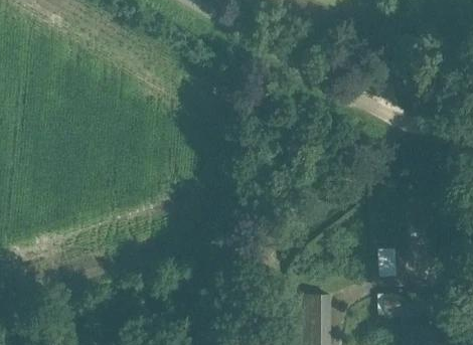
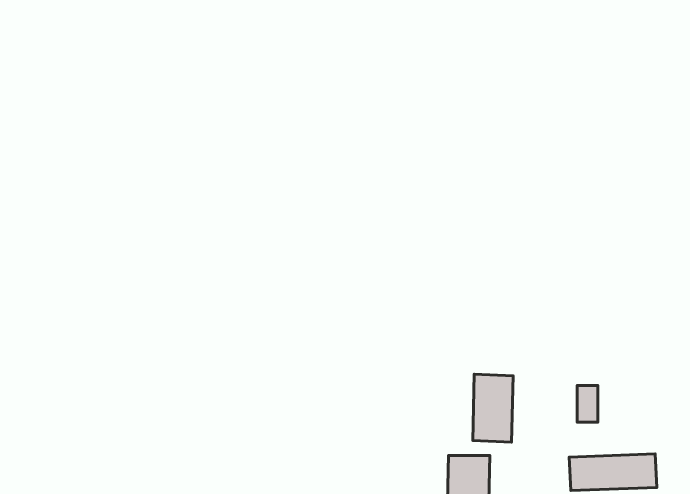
building: none -> [473,374,513,442]

